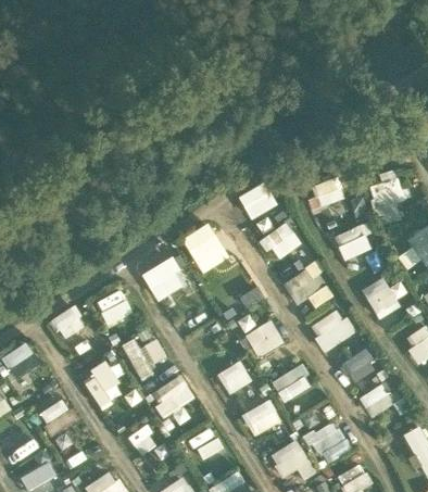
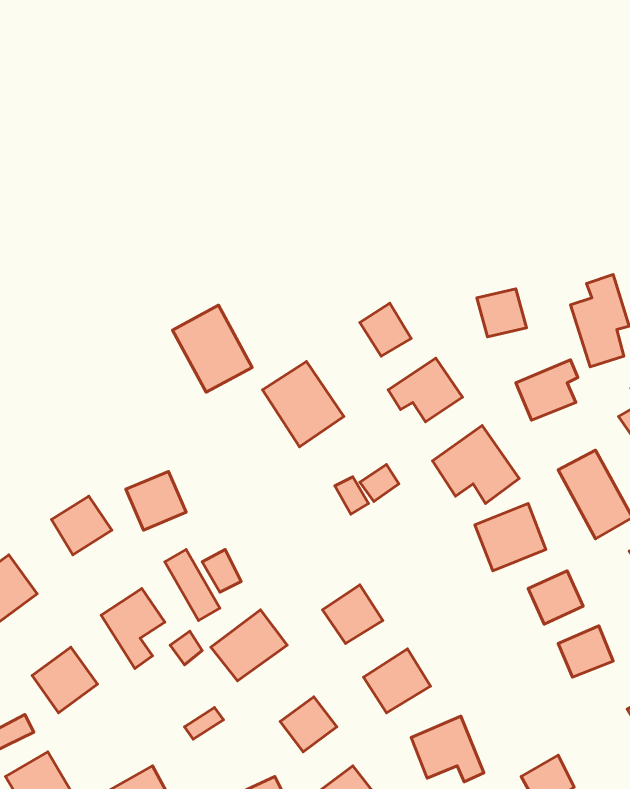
building: [136,249,185,302] -> [172,305,252,392]
building: [246,321,282,356] -> none
building: [270,364,312,403] -> none
building: [309,422,350,464] -> none

